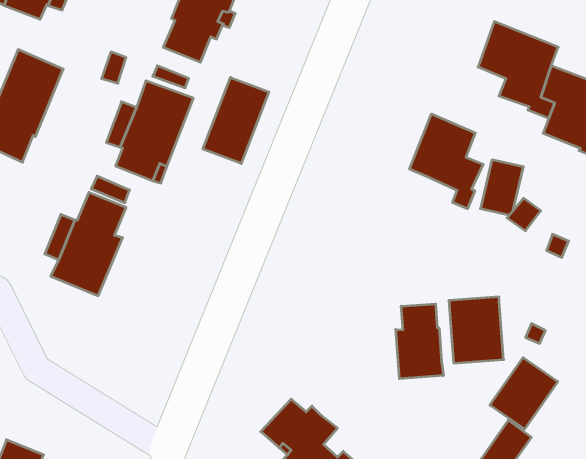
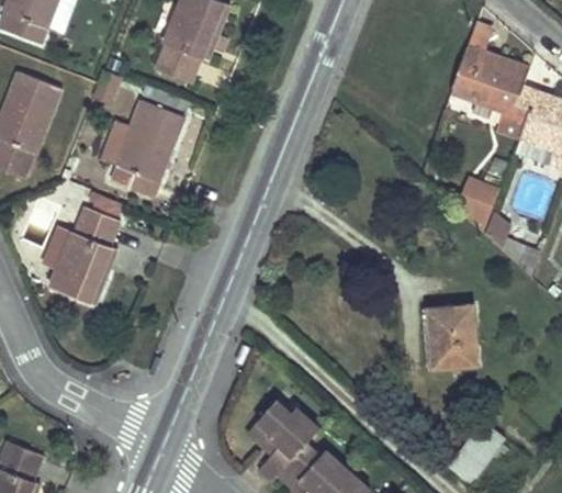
building: [203,77,269,164] -> none
building: [410,114,483,209] -> none
building: [396,304,443,379] -> none
building: [490,358,558,429] -> none

